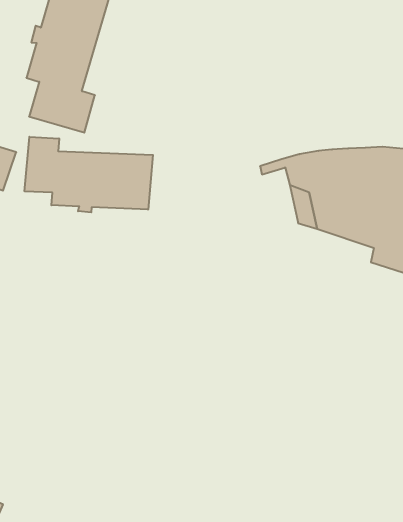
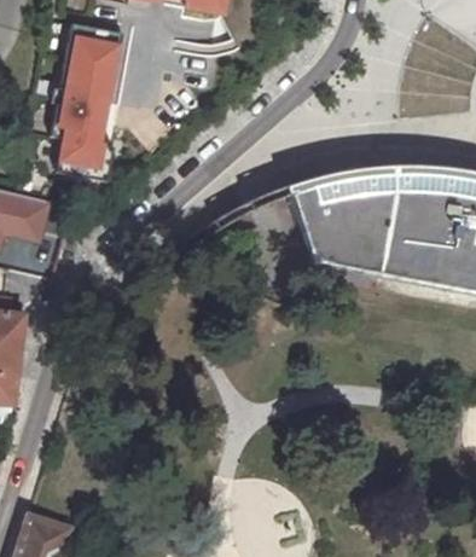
building: [25,137,153,212] -> none

